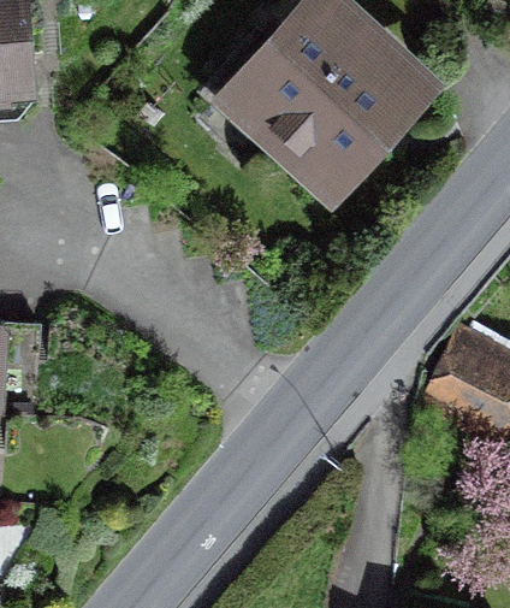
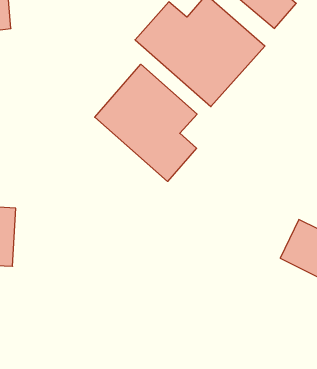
building: none -> [95,64,197,181]

